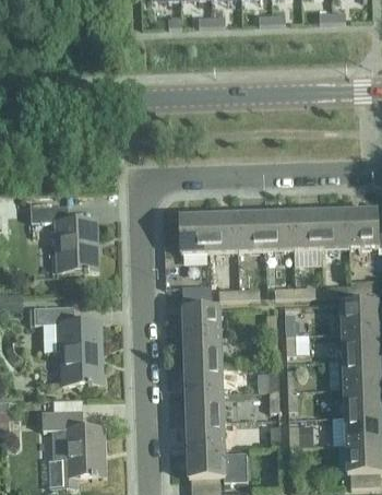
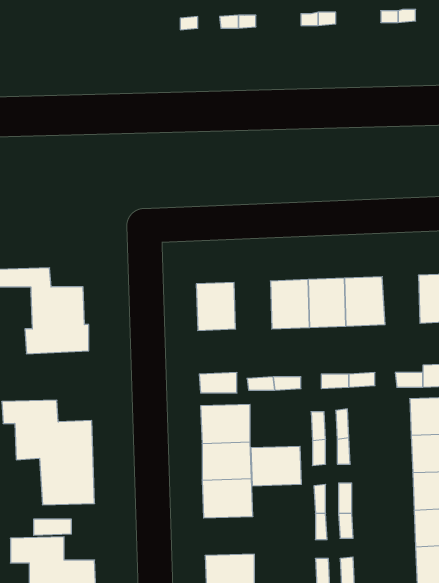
building: [320,212,348,249] -> none
building: [208,216,237,252] -> none
building: [186,393,224,423] -> [251,446,301,486]

